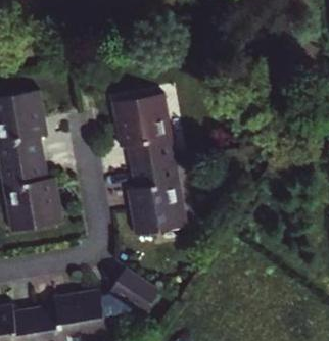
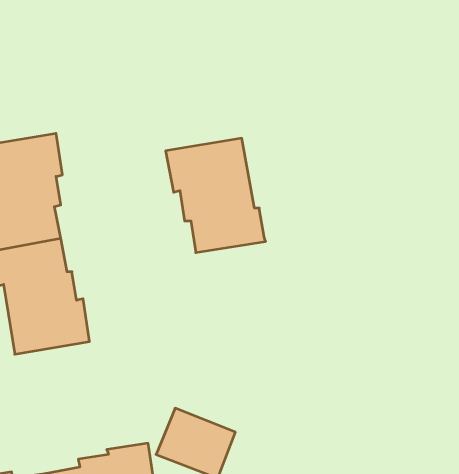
building: [132,159,185,234] -> none

